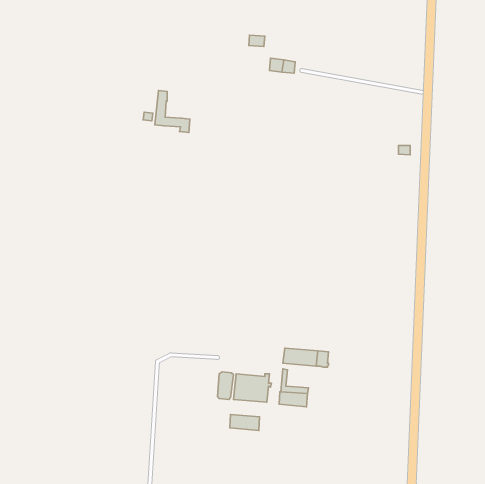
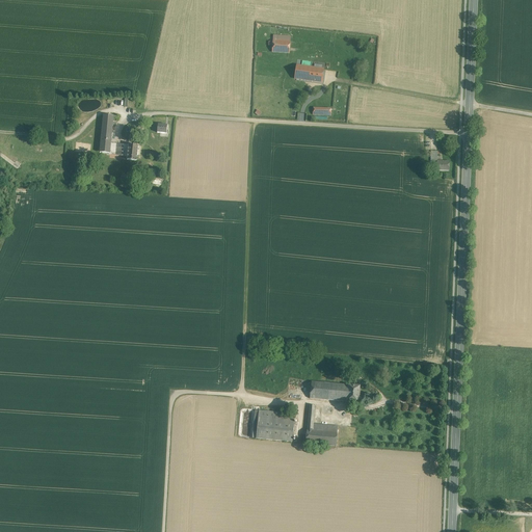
building: [155,91,190,132] -> [100,113,138,159]
building: [230,414,259,430] -> none

